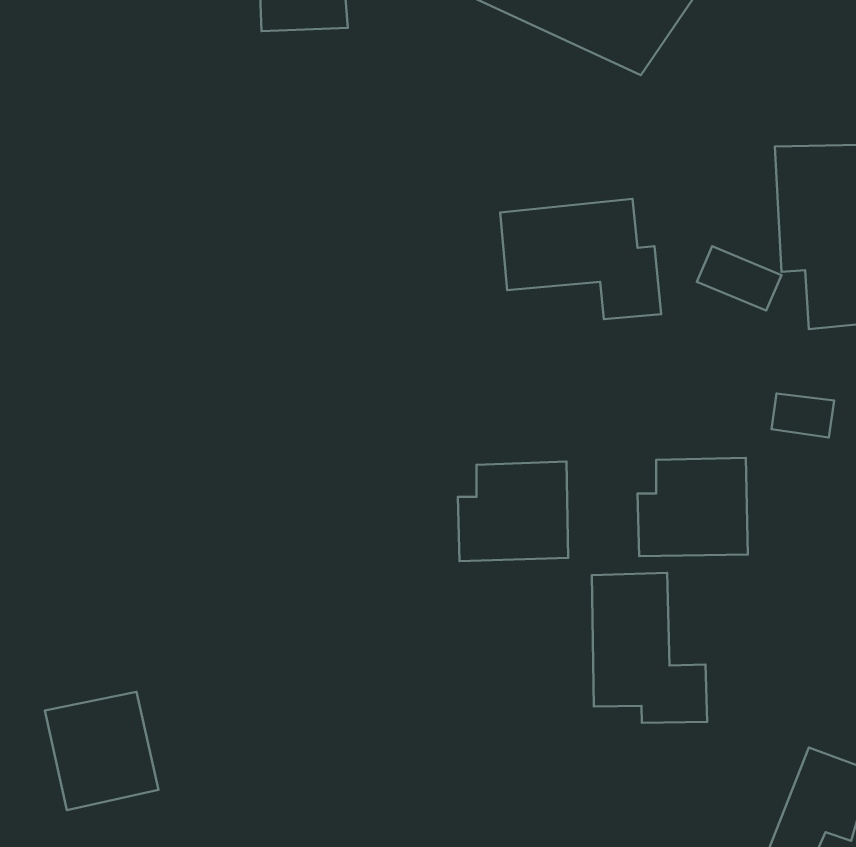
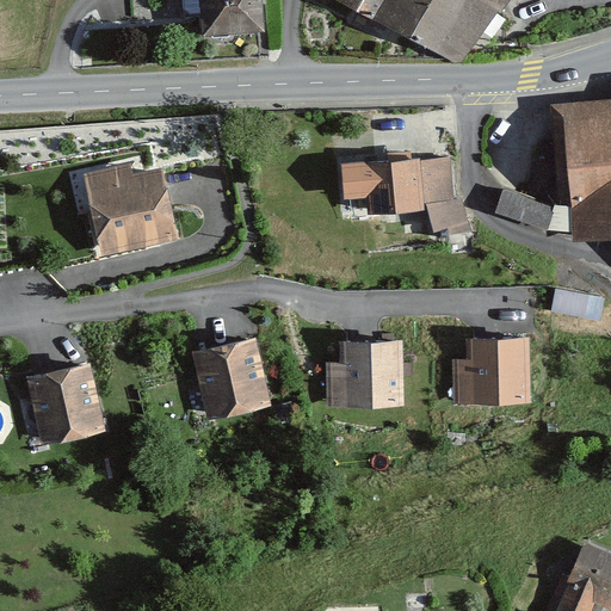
building: none -> [78,167,169,257]
building: none -> [192,338,267,420]
building: [592,573,707,723] -> none
building: [45,692,158,810] -> [29,360,109,444]

